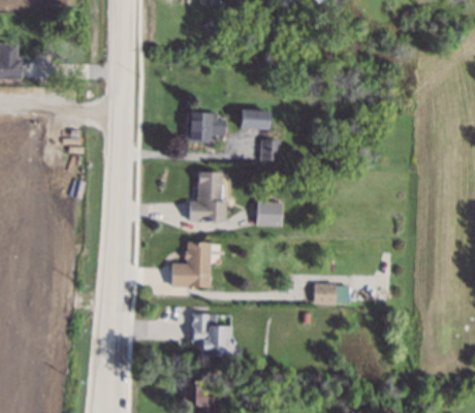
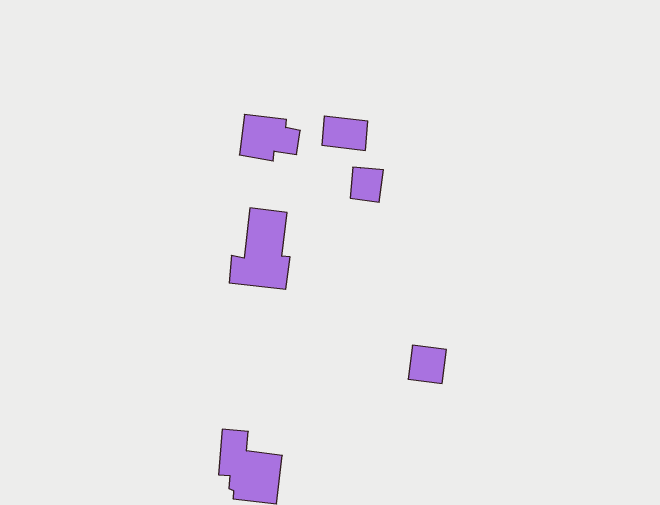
building: [257,202,283,226] -> none
building: [171,242,212,288] -> none
building: [314,283,337,306] -> [408,345,446,383]

